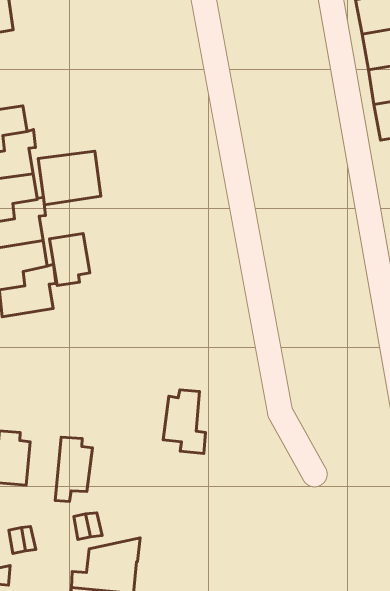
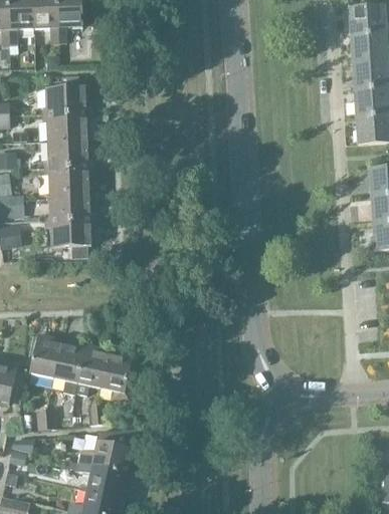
building: [38,151,101,205] -> none
building: [50,233,90,285] -> none
building: [163,390,205,454] -> [101,351,134,403]
building: none -> [54,341,85,395]

